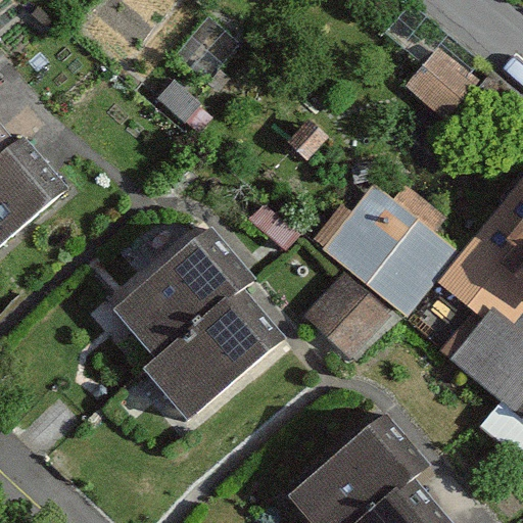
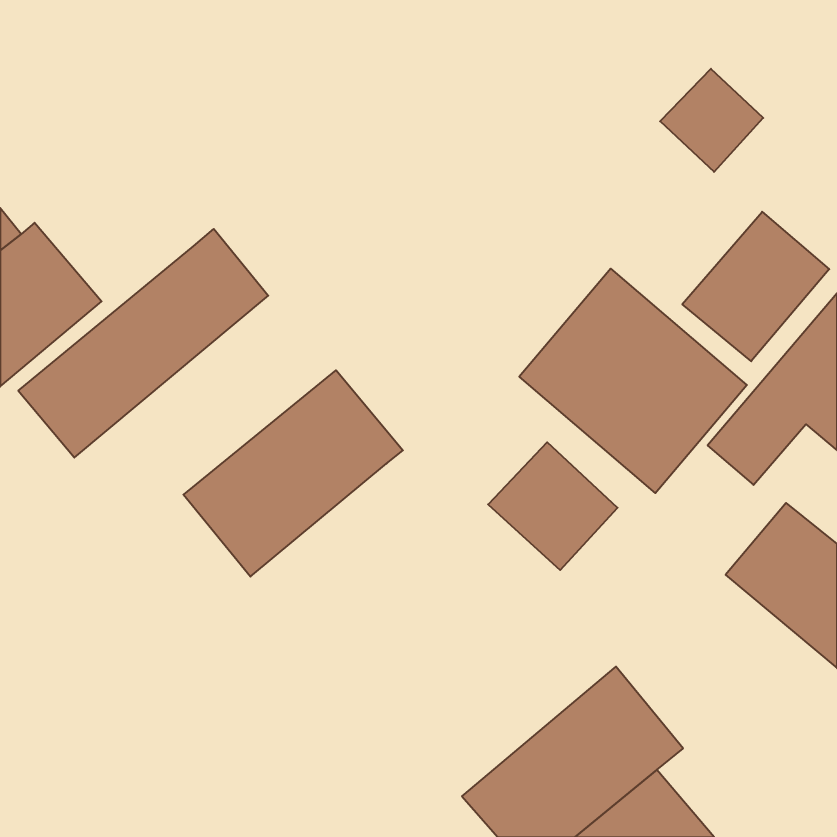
building: none -> [682,212,829,361]
building: none -> [18,229,268,458]
building: [144,289,283,420] -> none

